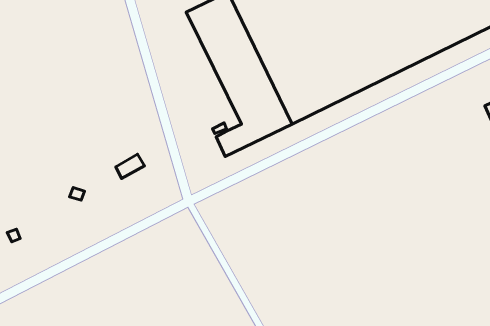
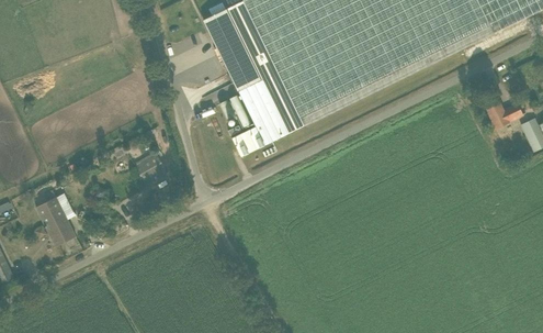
building: none -> [36,192,77,245]

